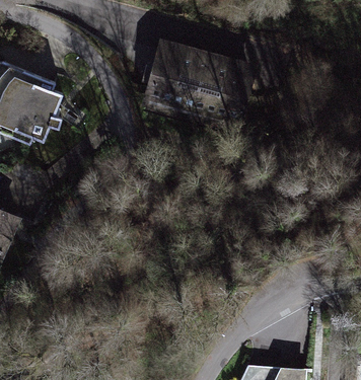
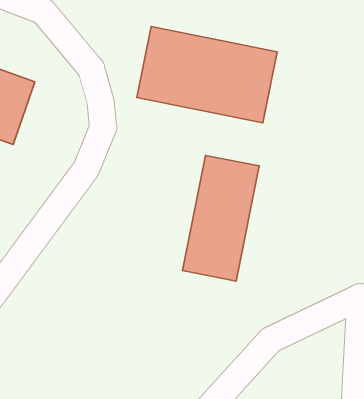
building: none -> [182,155,259,281]

